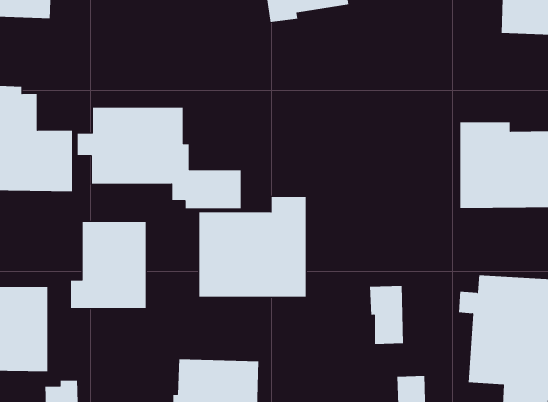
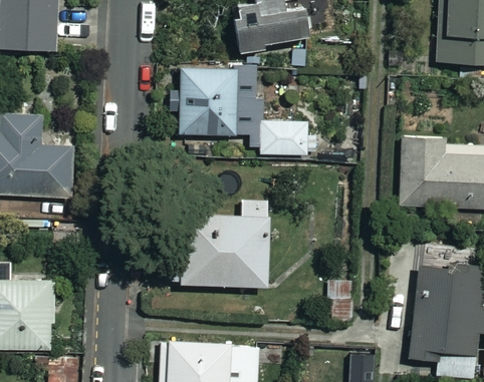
building: [77,107,242,209] -> [169,69,308,155]
building: [70,221,146,309] -> none

